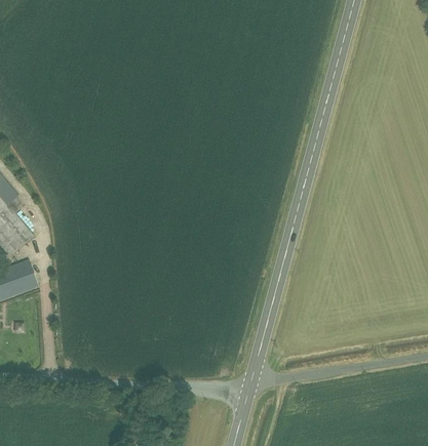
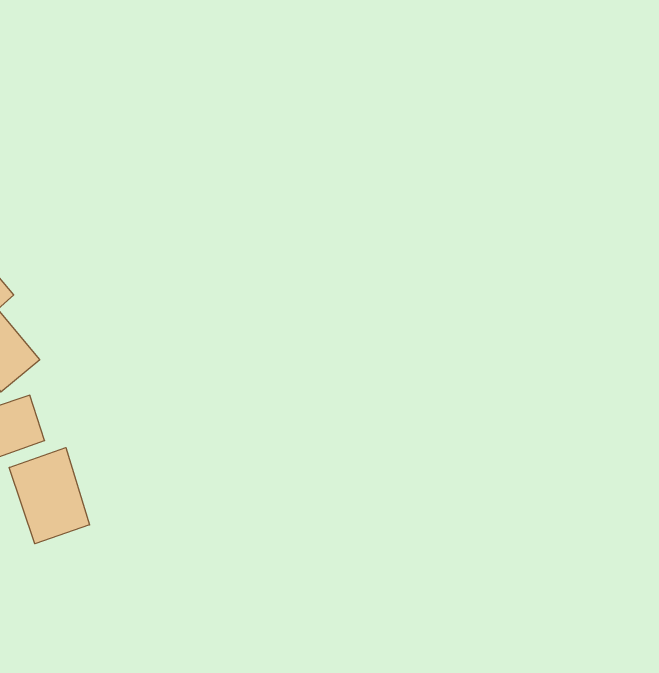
building: none -> [9,448,90,544]

